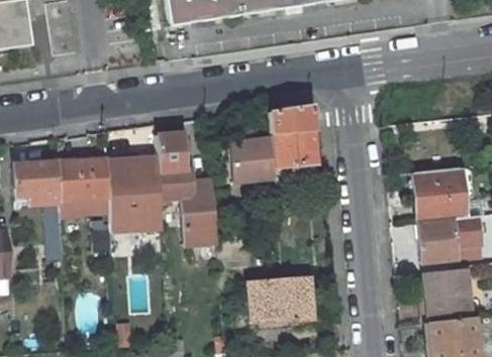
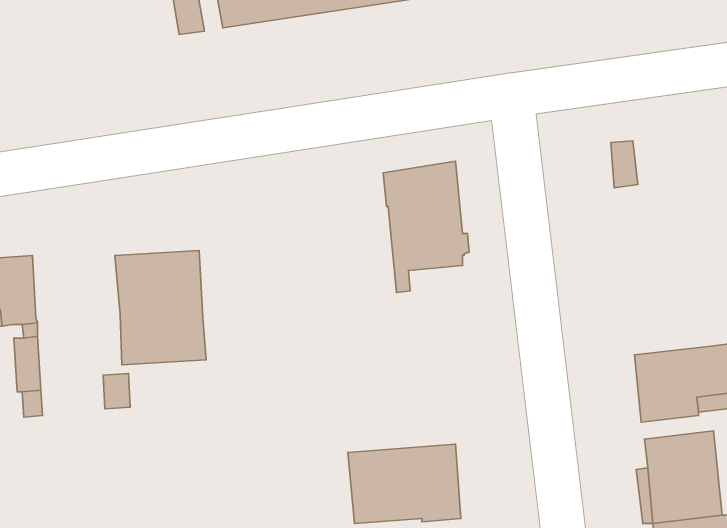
building: [156,135,218,246] -> none
building: [229,138,274,182] -> none
building: [58,159,110,200] -> none
building: [413,167,463,222] -> none

